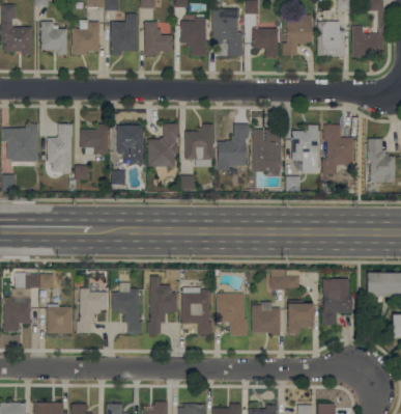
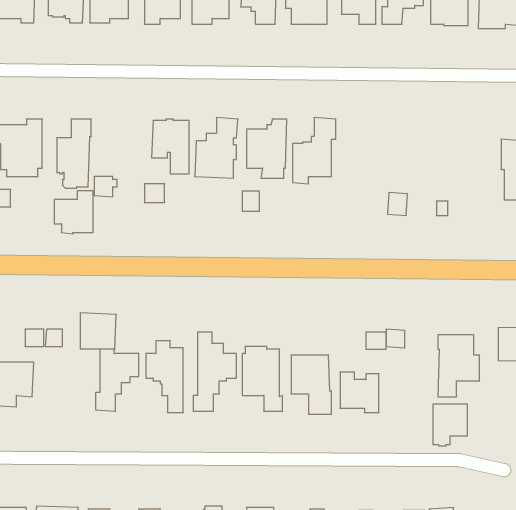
building: [80,123,108,155] -> [54,191,93,234]
building: [291,123,318,172] -> none
building: [322,123,353,173] -> none
building: [253,127,286,176] -> none
building: [287,304,312,334] -> [433,404,467,446]
building: [47,307,73,333] -> [80,313,116,349]

